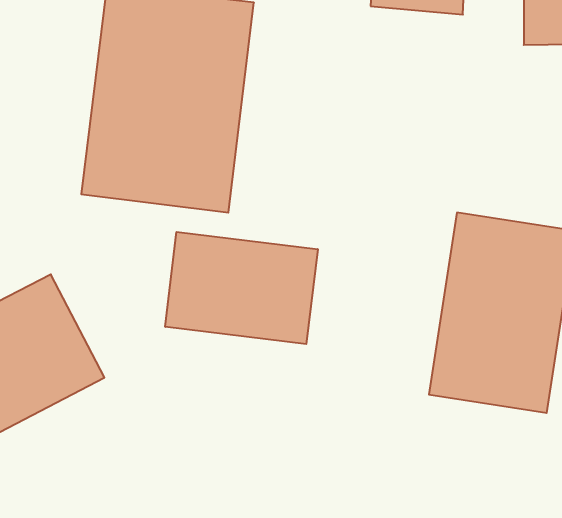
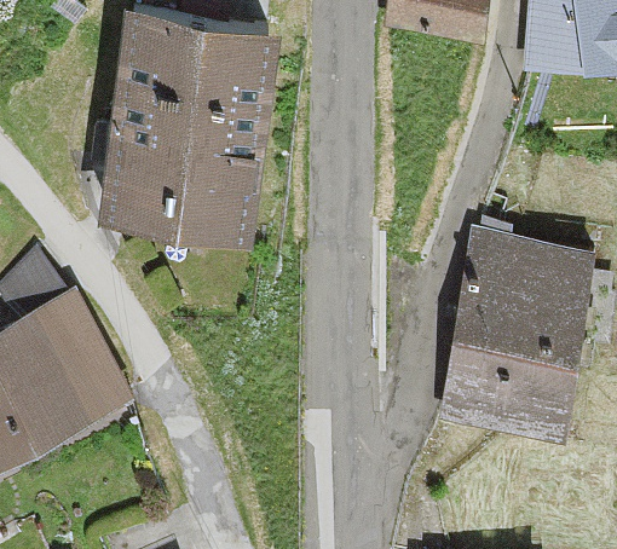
building: [165,232,318,344] -> none

